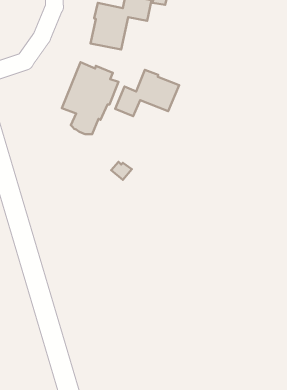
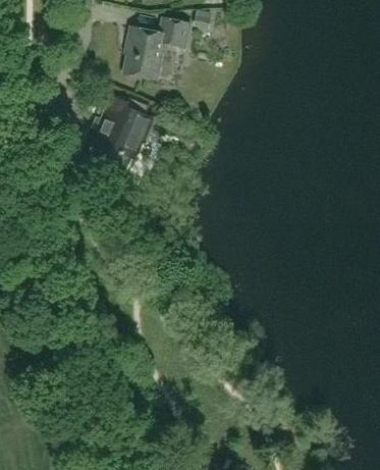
building: [115,70,179,116] -> none

